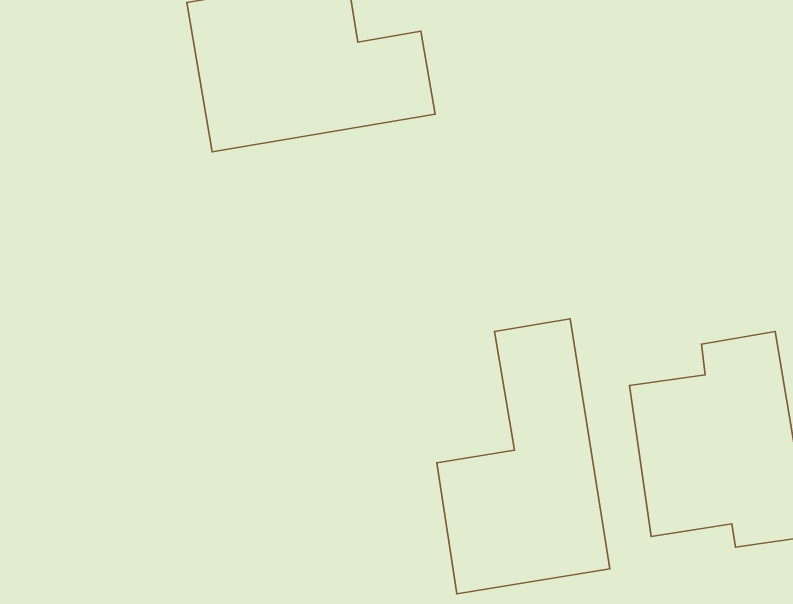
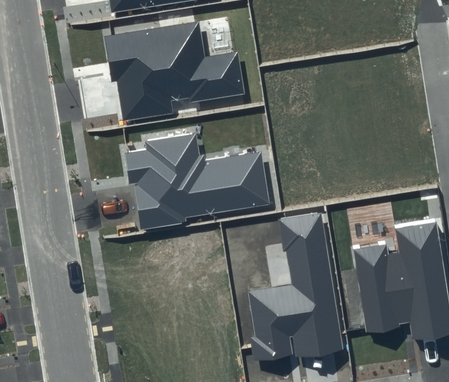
building: none -> [128,133,271,228]

